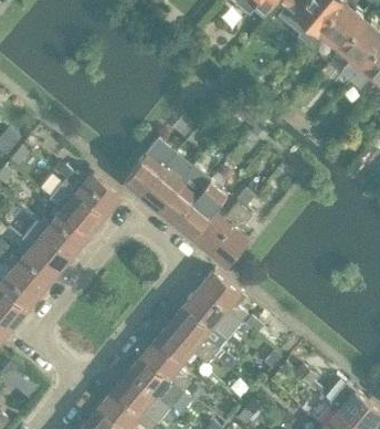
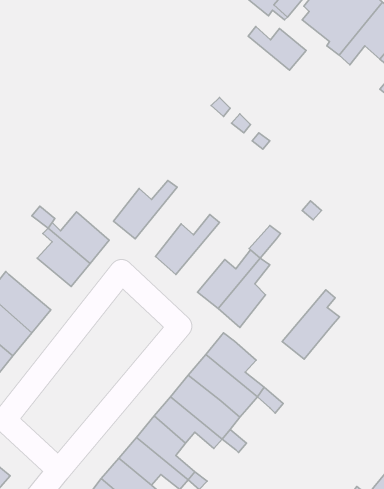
building: none -> [248,27,306,70]
building: [140,154,191,210] -> none
building: [173,182,220,239] -> [282,290,339,359]
building: [38,211,88,253] -> none

